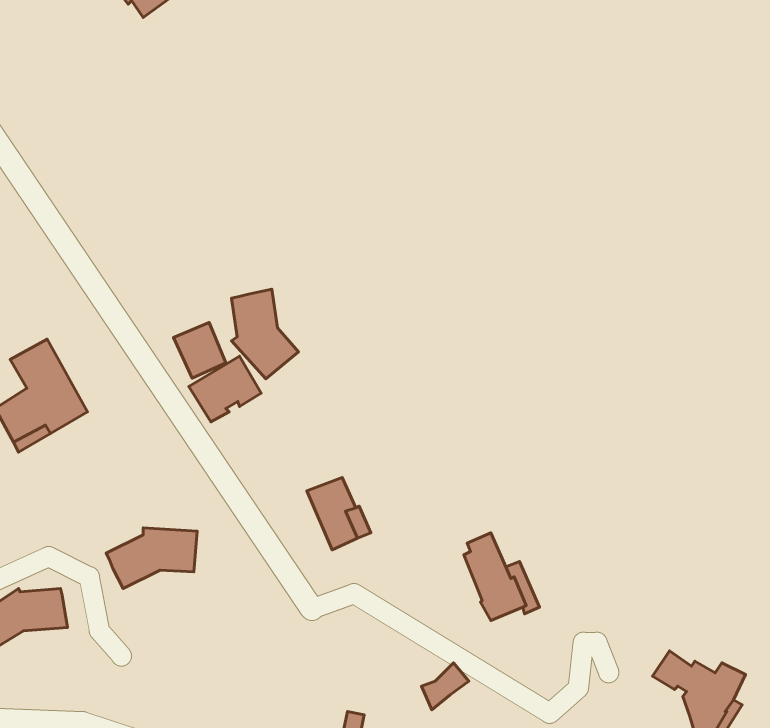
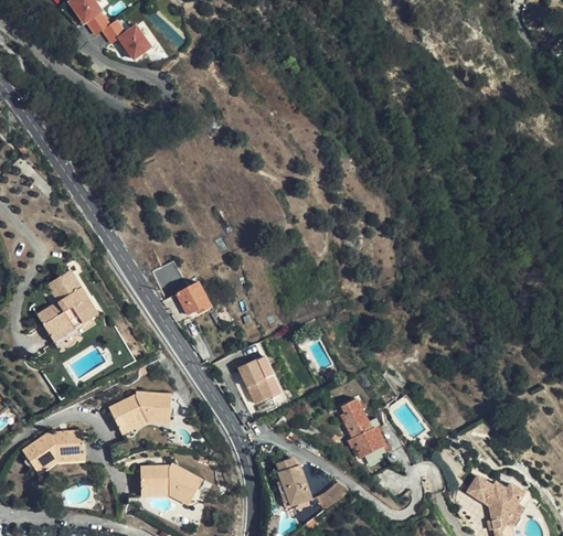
building: [231,289,299,379] -> none
building: none -> [278,461,311,514]
building: none -> [139,465,200,504]

